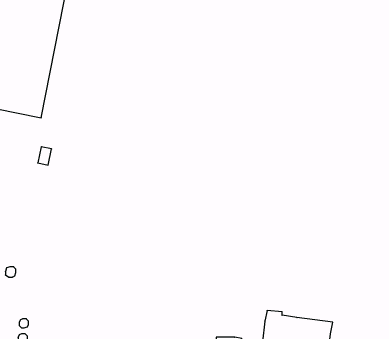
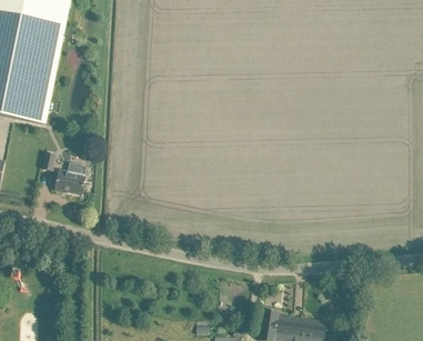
building: none -> [54,162,87,194]

